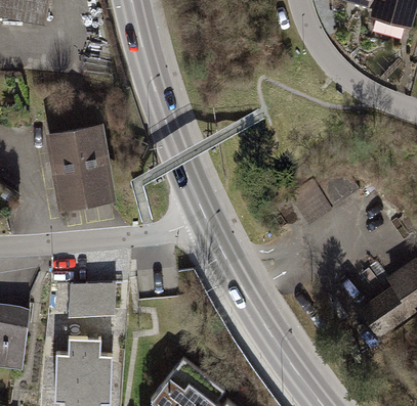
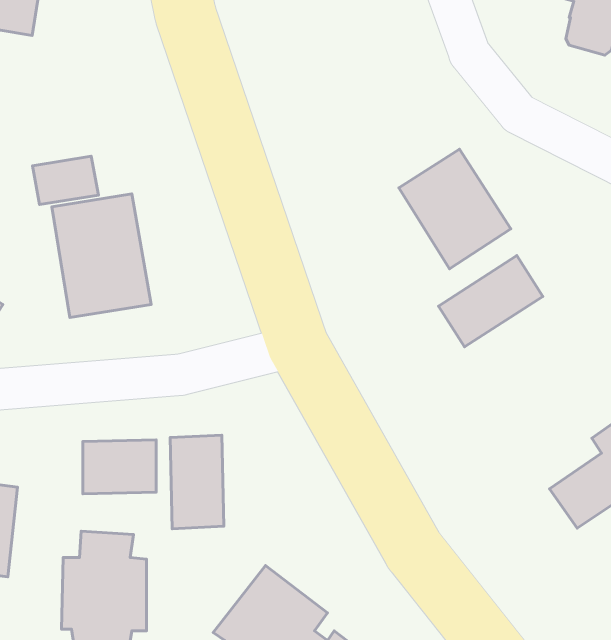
building: none -> [399,149,511,269]
building: none -> [32,156,98,205]
building: none -> [170,435,224,529]

